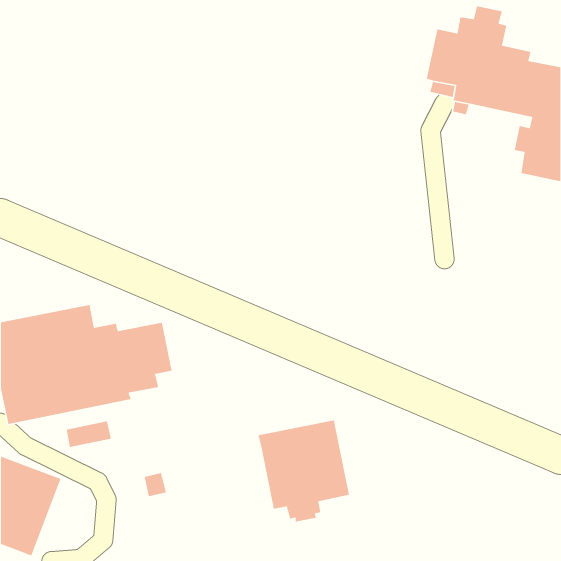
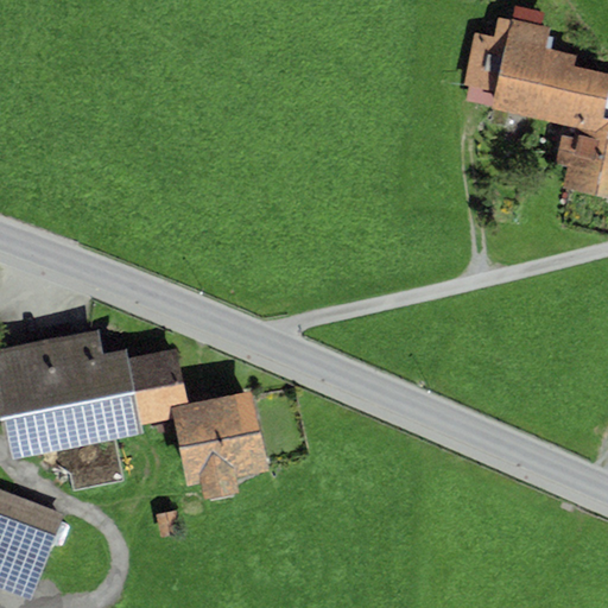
building: [258,419,350,523] -> [169,388,268,500]

